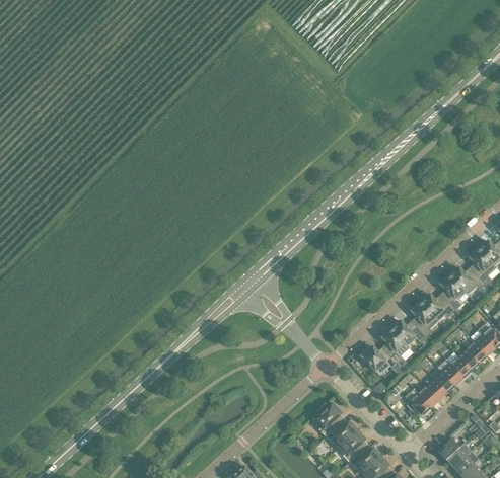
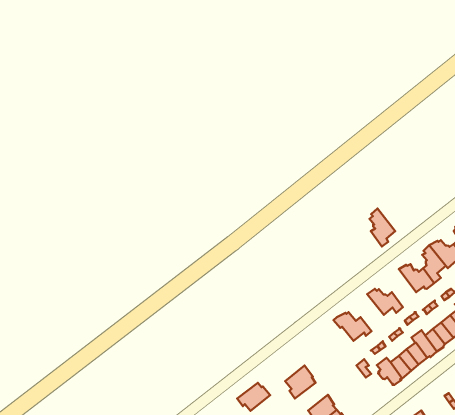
building: [413,300,439,337] -> [370,208,395,246]
building: [383,327,410,364] -> none
building: [327,419,359,448] -> [237,383,270,411]

